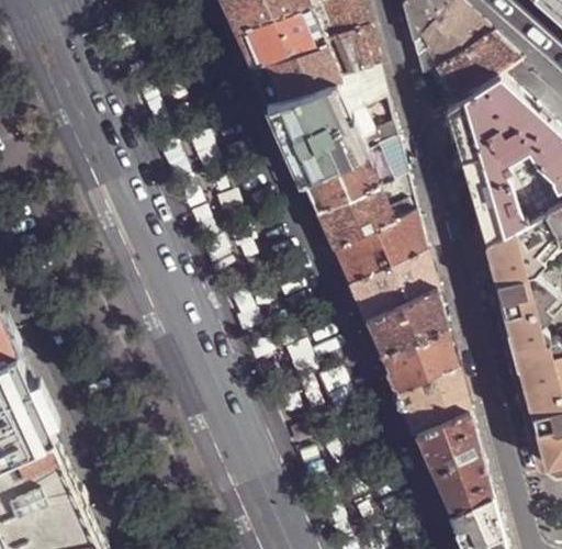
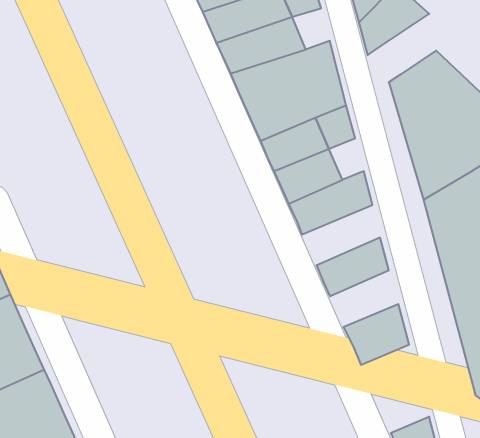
building: [335,22,378,69] -> none
building: [436,29,520,98] -> none
building: [376,170,416,217] -> none
building: [346,246,435,315] -> none
building: [378,321,456,385] -> none
building: [413,405,491,506] -> none

